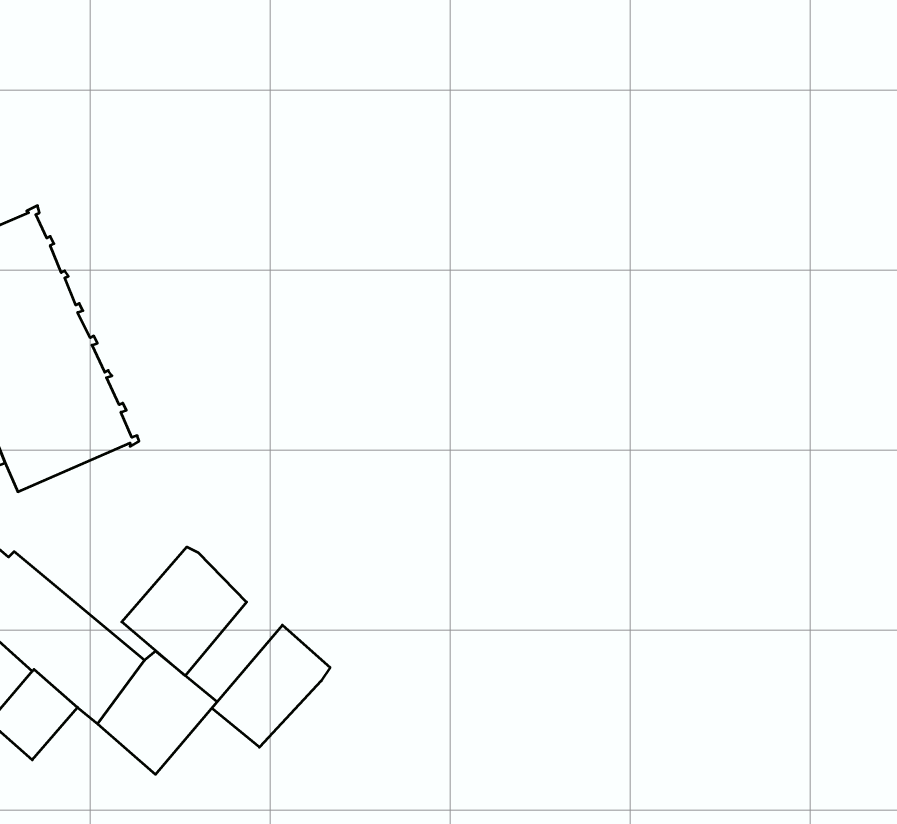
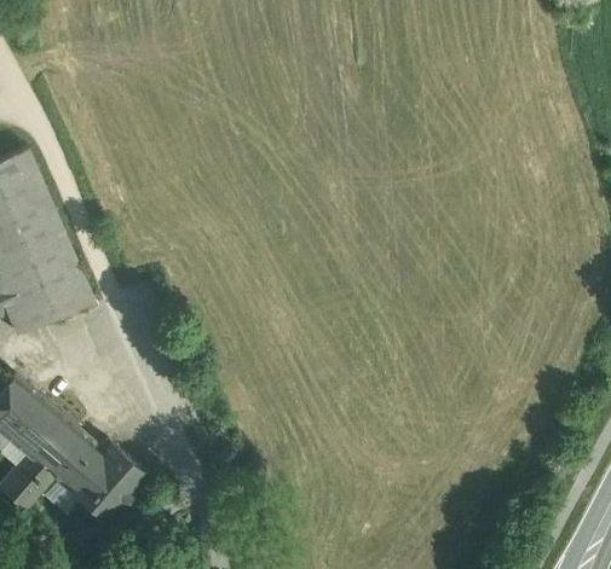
building: [122,547,247,676] -> none
building: [212,625,330,747] -> none

